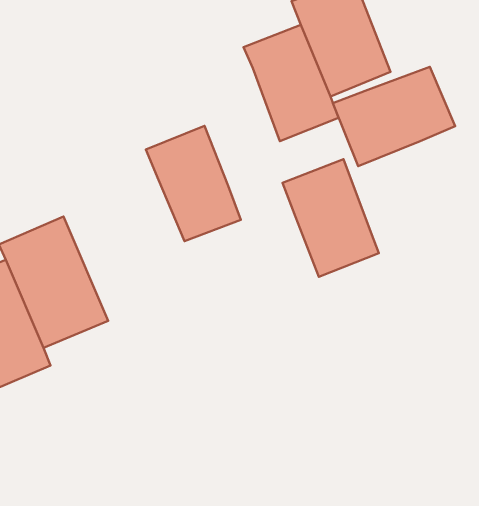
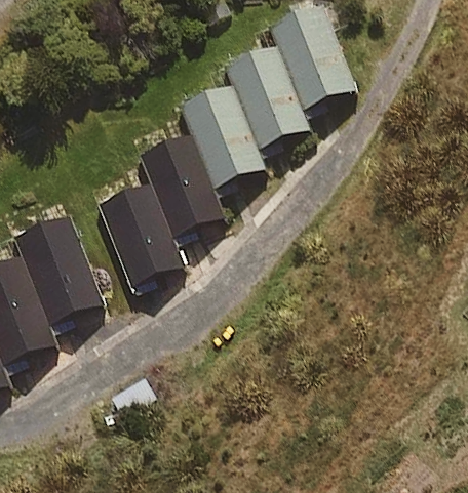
building: [333,67,455,166] -> none
building: [282,159,379,277] -> [180,83,264,186]
building: none -> [98,180,185,284]

